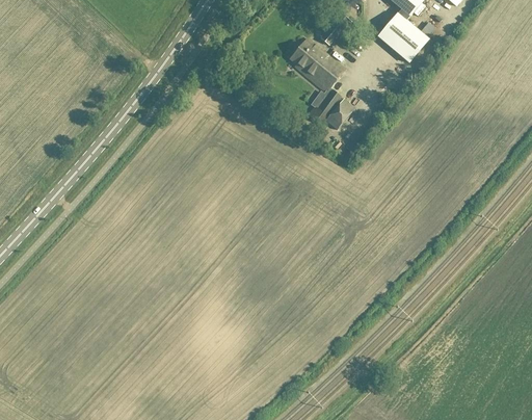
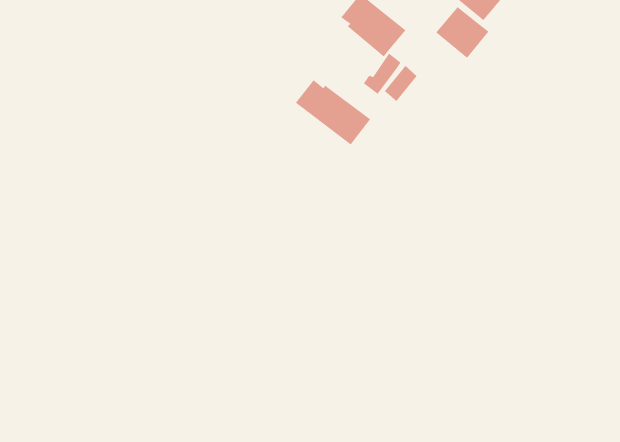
building: none -> [435,6,489,59]
building: none -> [295,79,371,146]

